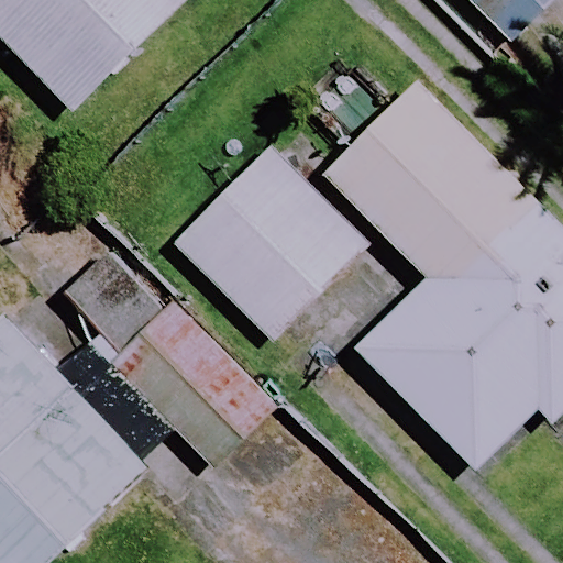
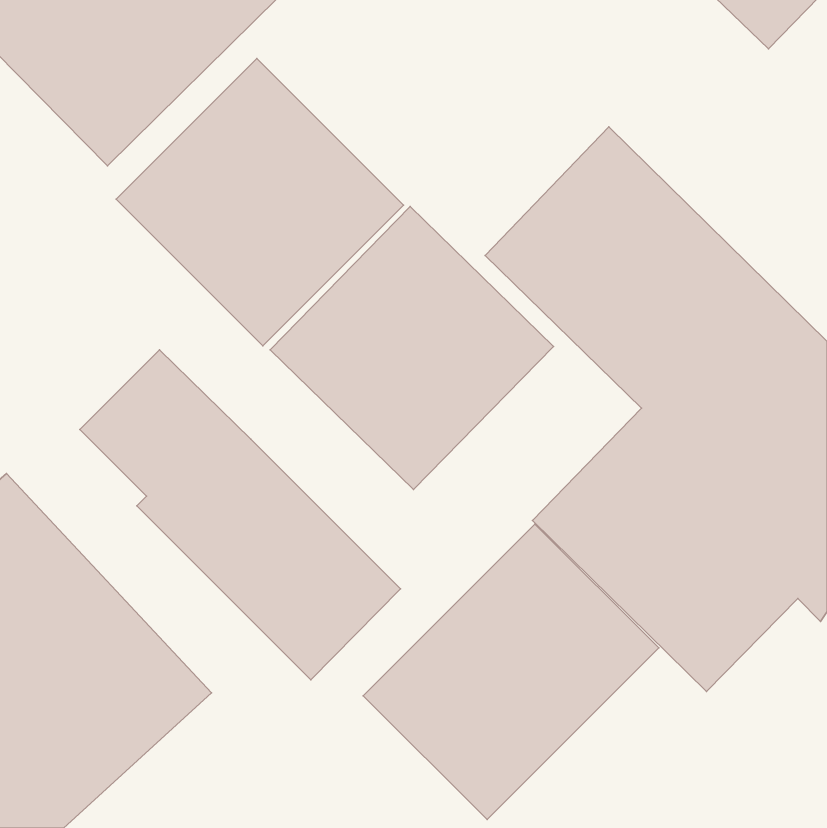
building: none -> [116,59,404,346]
building: none -> [363,524,659,819]

